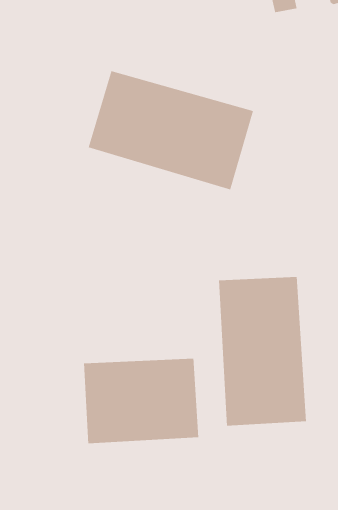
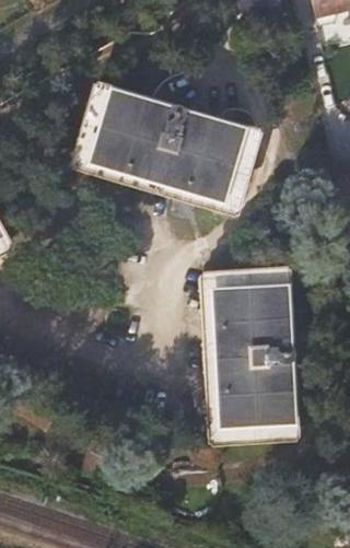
building: [83,358,199,444] -> none

